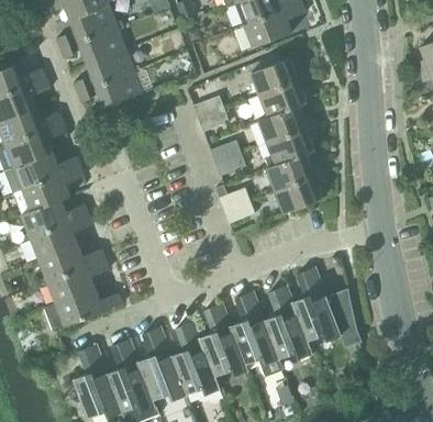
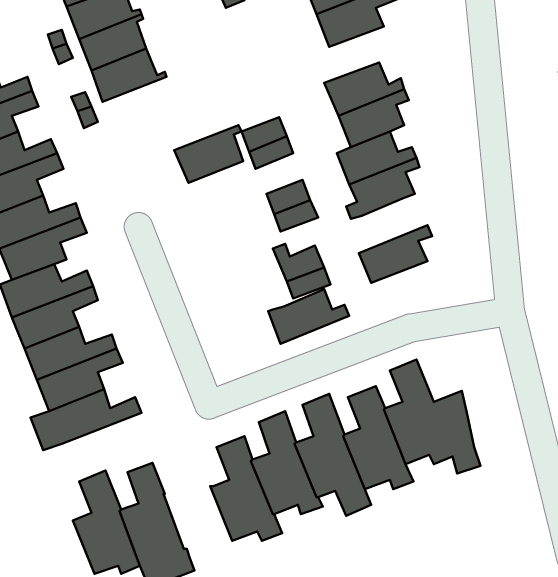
building: [95,67,143,108] -> [174,125,243,183]
building: [266,153,323,191] -> [268,289,349,344]
building: [137,326,186,399] -> none

